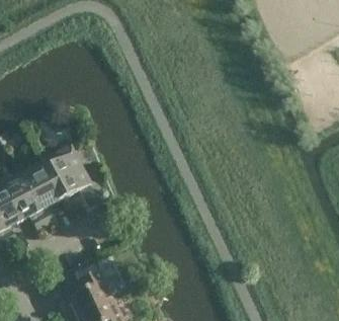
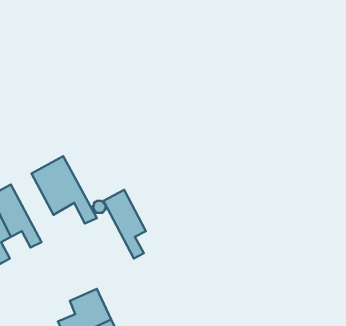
building: [21,162,61,226] -> [103,190,146,259]

